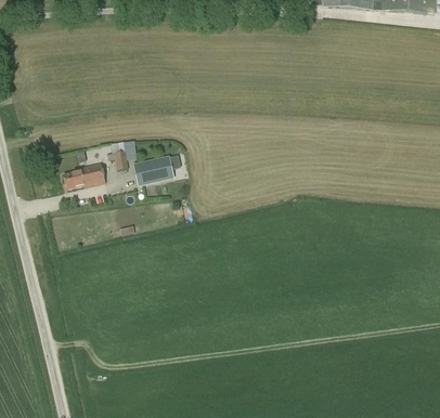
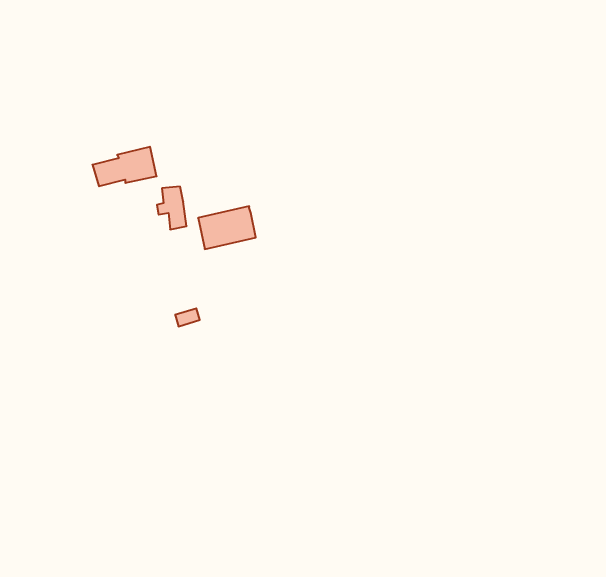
building: [63,162,105,188] -> [92,147,157,186]

